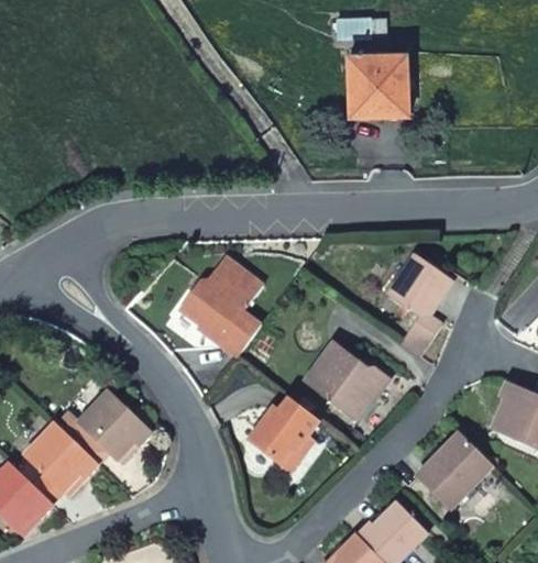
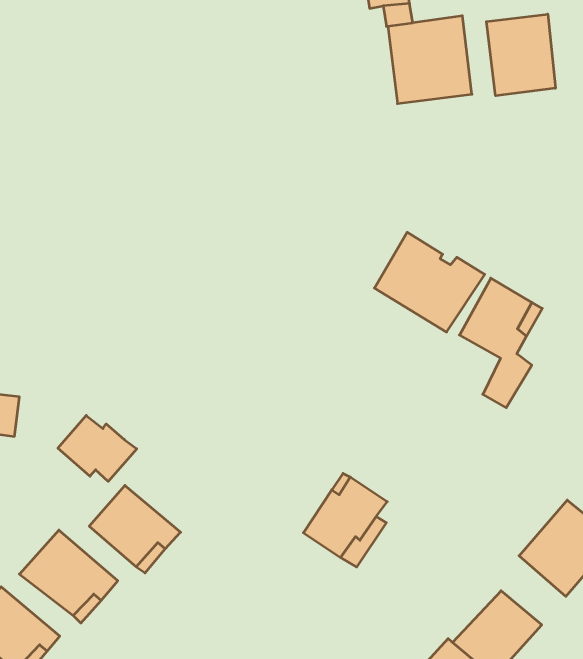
building: none -> [486,14,555,96]
building: [177,257,260,358] -> none
building: none -> [58,415,137,481]
building: [300,340,388,421] -> [374,232,485,332]

